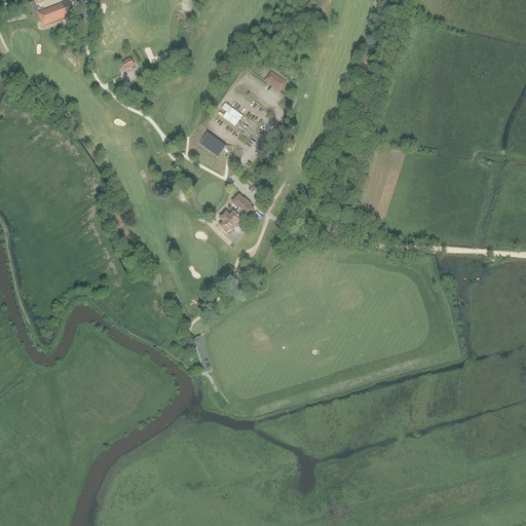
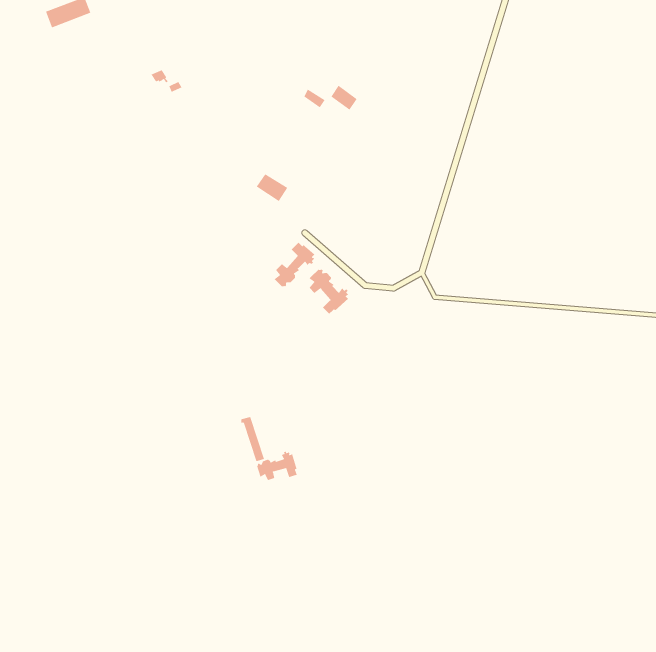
building: none -> [309,268,349,315]
building: none -> [256,451,297,481]

